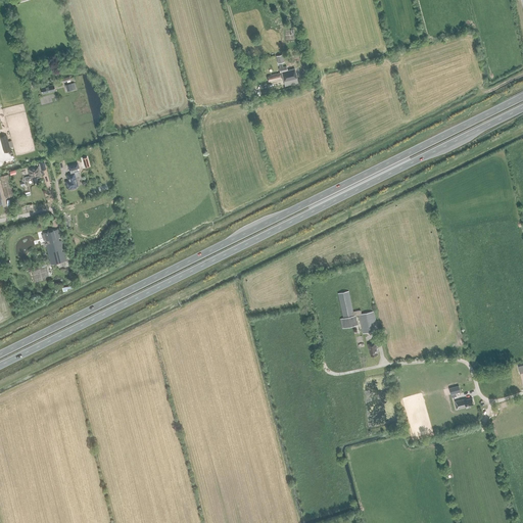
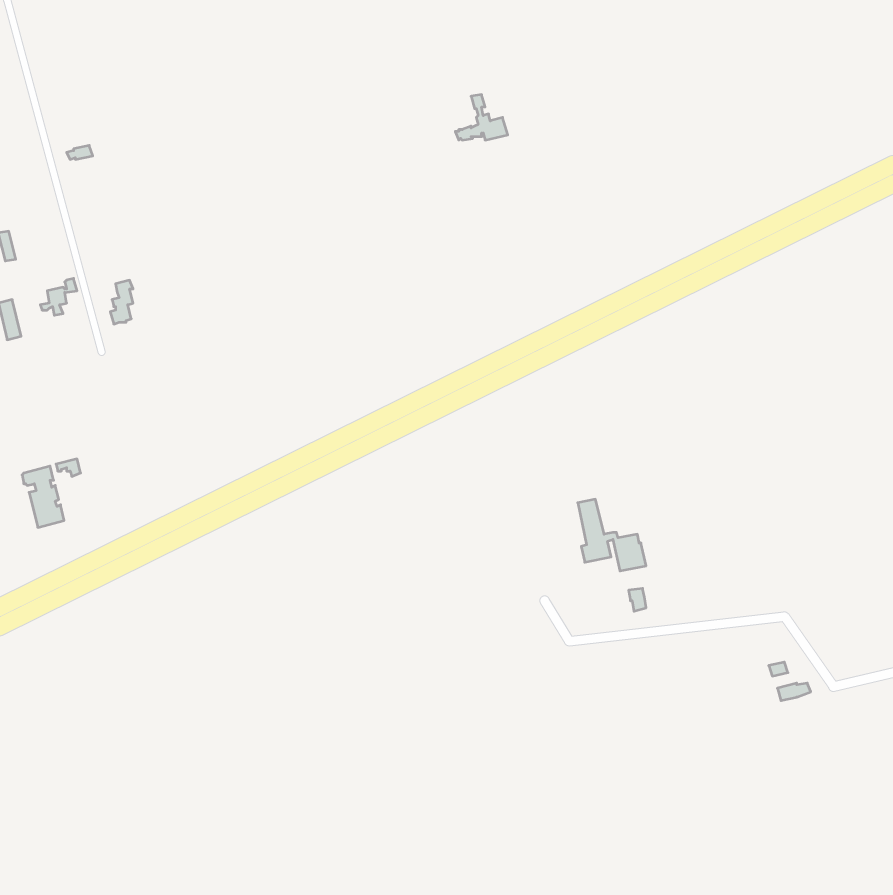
building: [41,230,65,266] -> [22,466,64,527]

